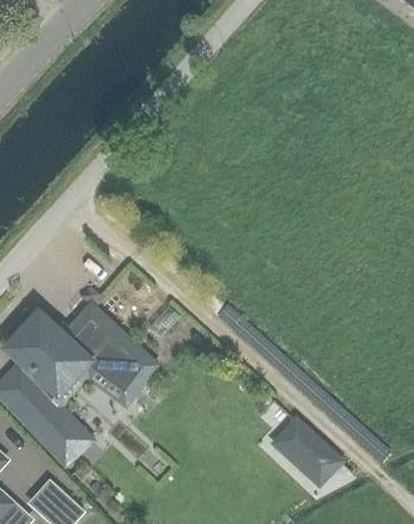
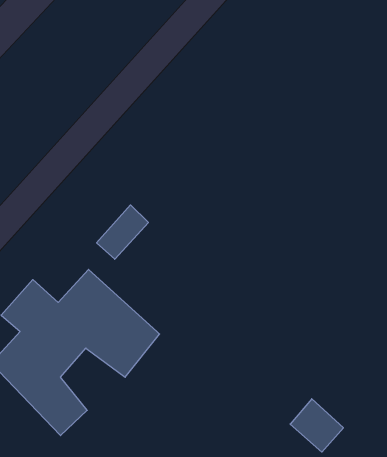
building: none -> [97,205,148,259]

